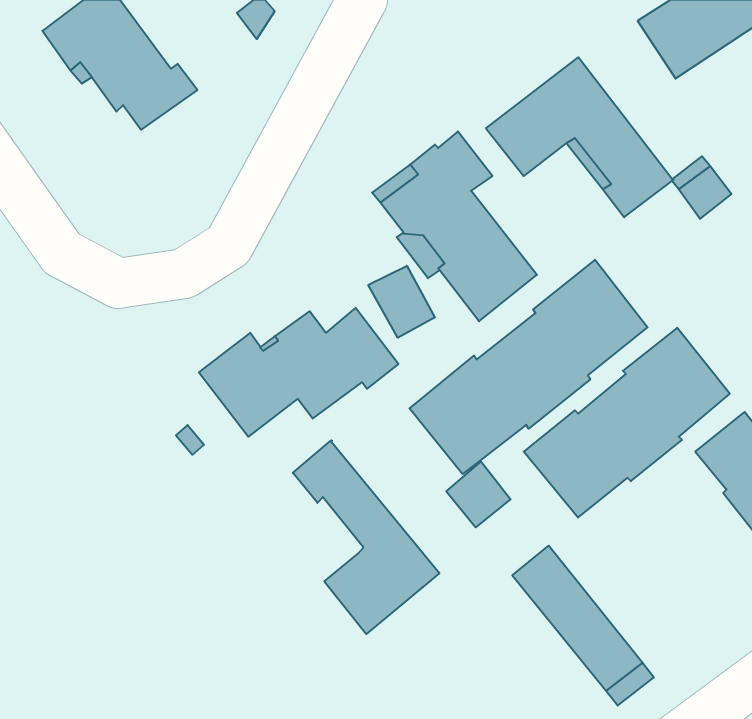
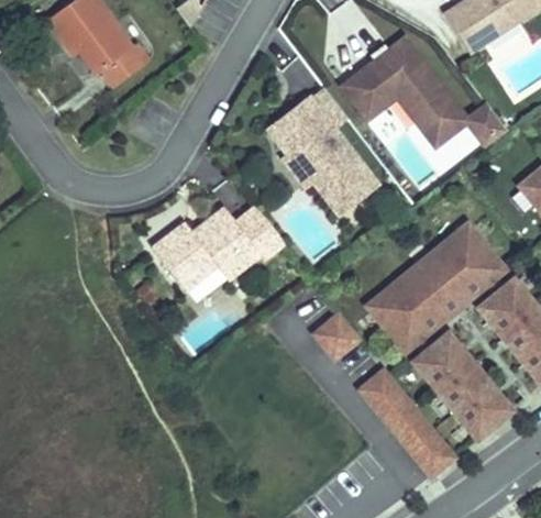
building: [409,260,648,474] -> none
building: [368,266,435,338] -> none
building: [293,440,439,634] -> none
building: none -> [412,330,509,434]

